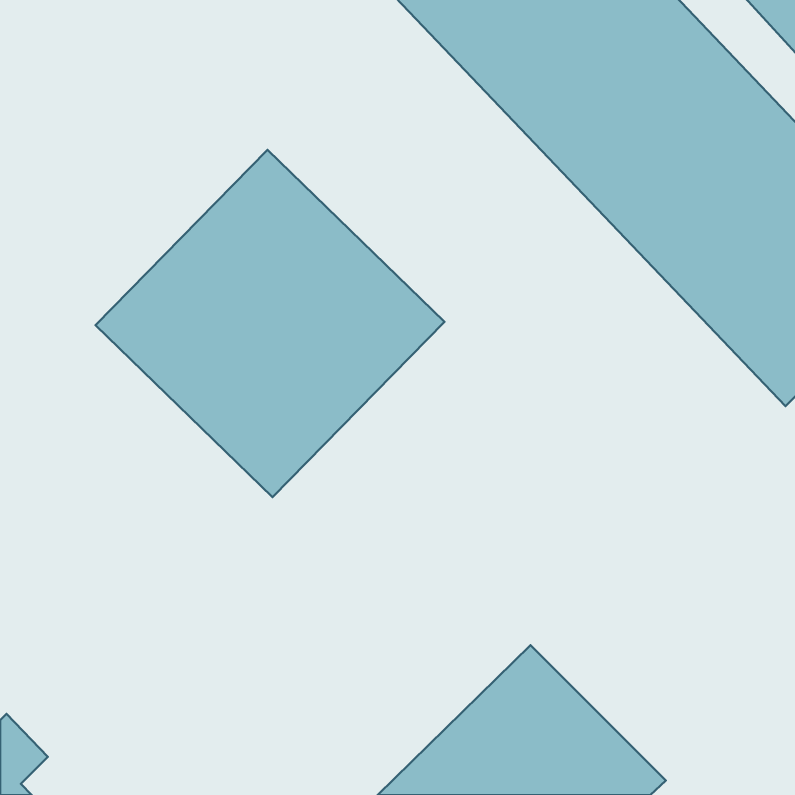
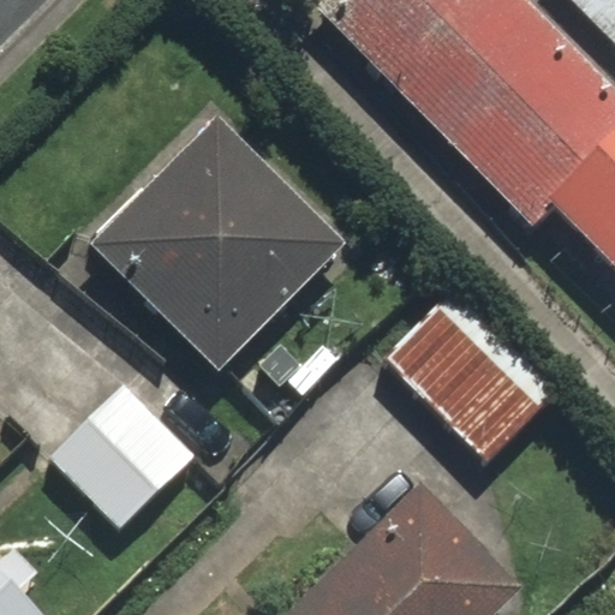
building: none -> [404,294,556,443]
building: none -> [48,383,197,531]

